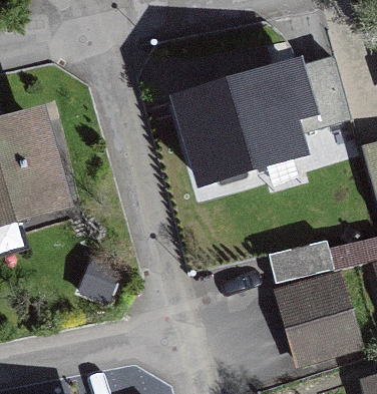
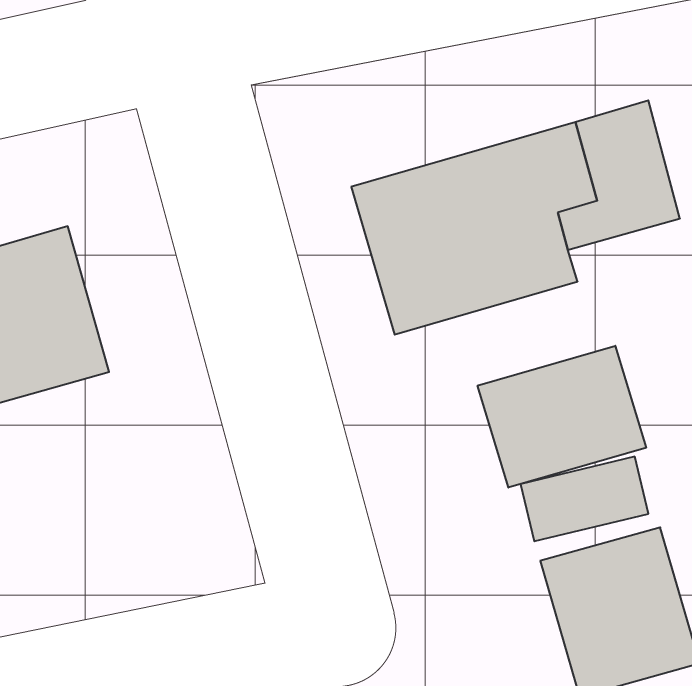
building: none -> [478,346,646,488]

